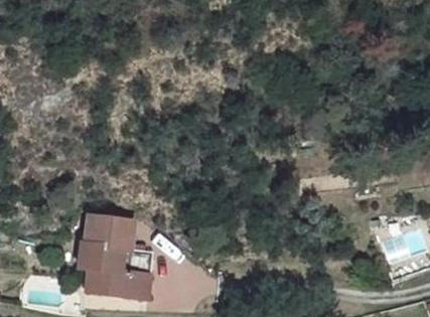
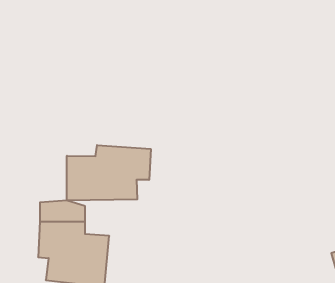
building: none -> [67,145,151,200]

